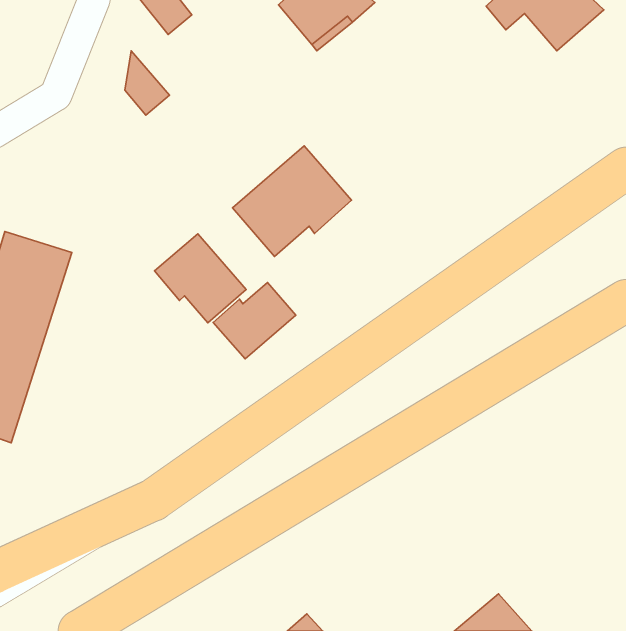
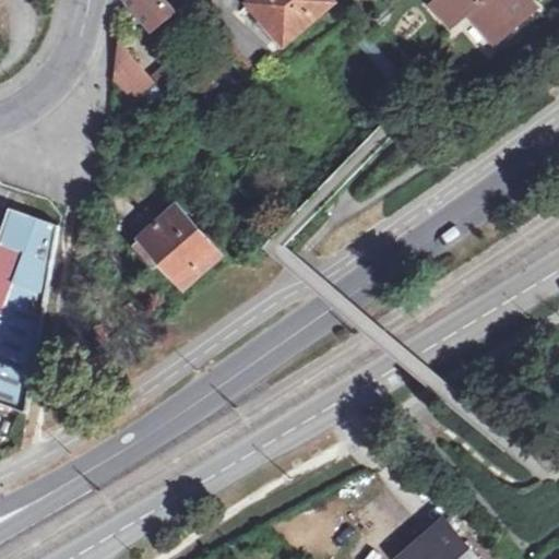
building: [232,146,351,257] -> none
building: [213,282,296,359] -> none

